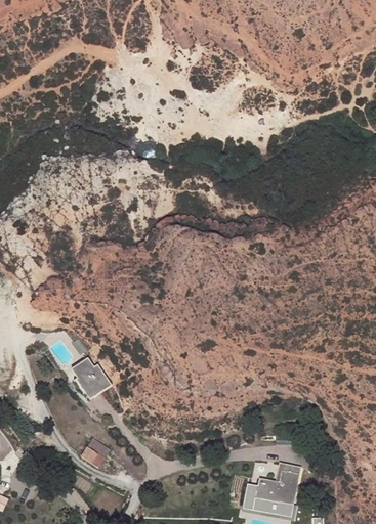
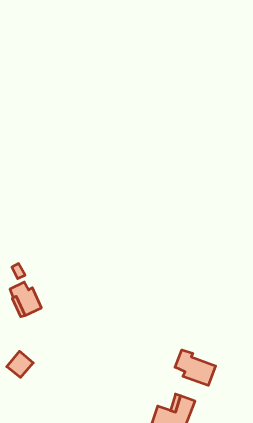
building: none -> [175,350,216,385]

